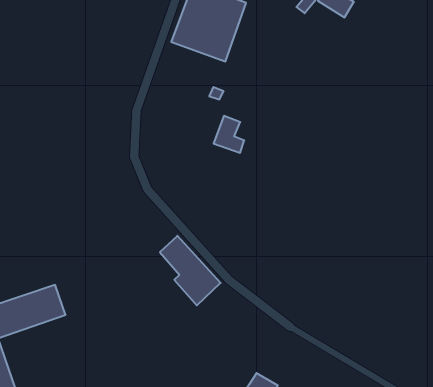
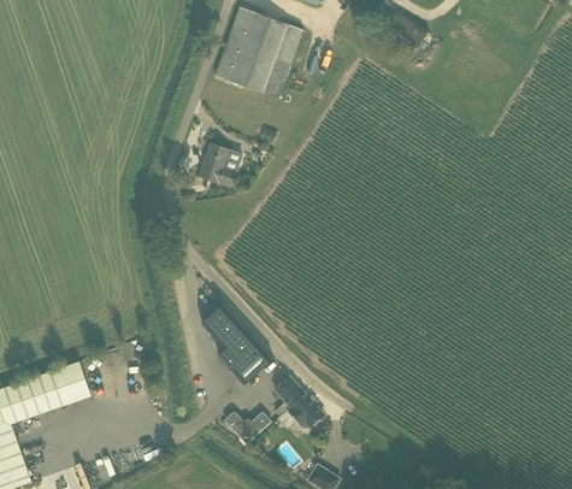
building: [214,116,244,153] -> [199,142,235,185]
building: none -> [275,376,324,431]
building: none -> [224,410,272,444]

